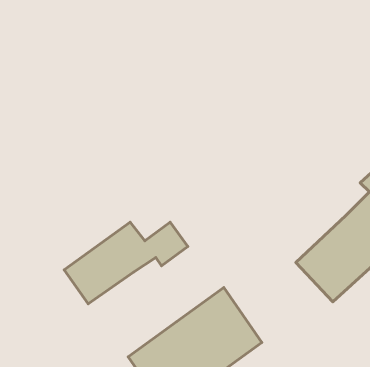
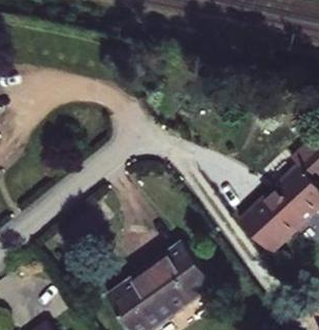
building: [64,222,188,304] -> none

